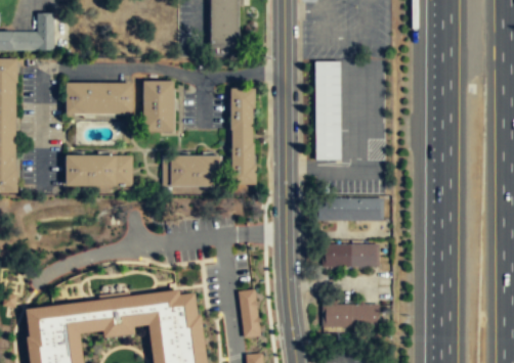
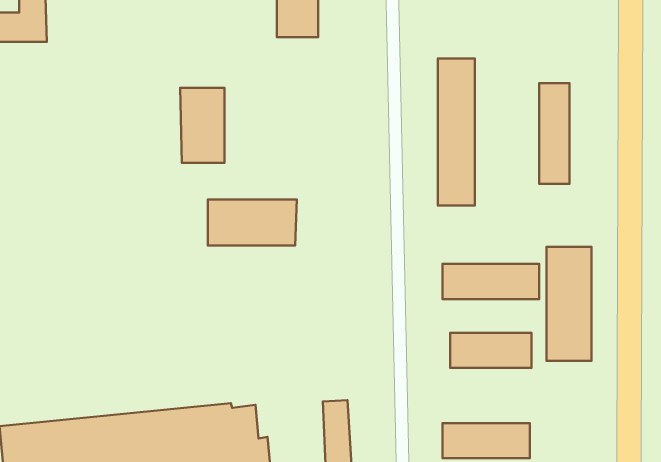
building: none -> [539,83,569,184]
building: [67,83,133,114] -> none
building: [231,88,257,184] -> none
building: [68,154,134,185] -> none
building: none -> [547,247,592,361]

